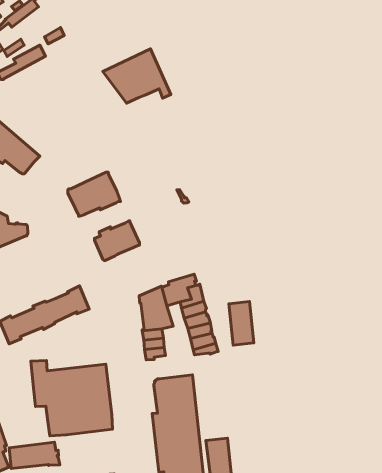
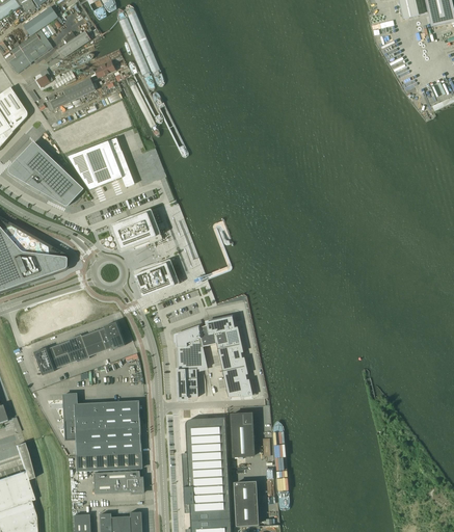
building: [103,49,171,103] -> [68,137,134,190]
building: [229,302,254,345] -> [231,414,253,456]
building: [9,442,60,469] -> [94,470,143,494]

